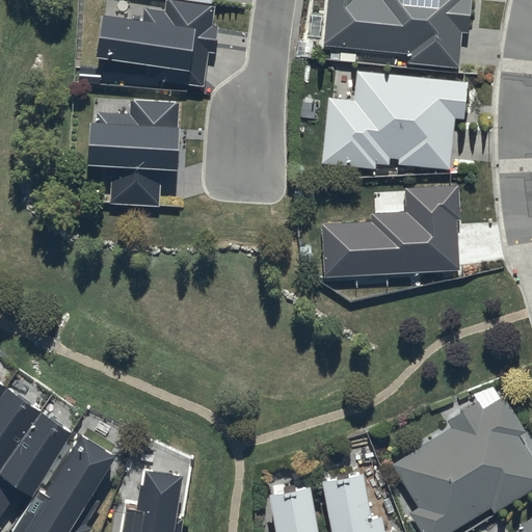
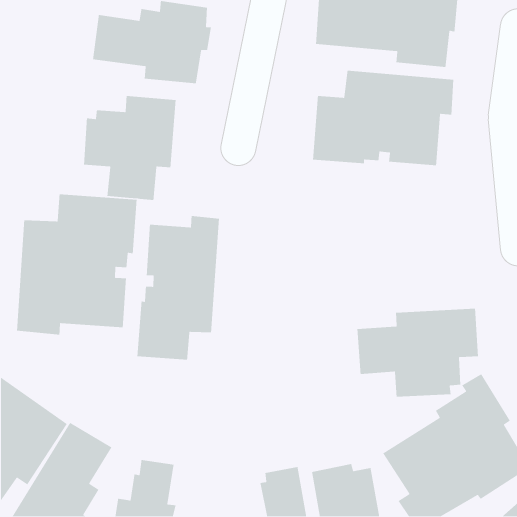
building: [324,184,462,274] -> none
building: none -> [16,194,137,335]
building: none -> [137,215,220,361]
building: none -> [357,308,479,398]

